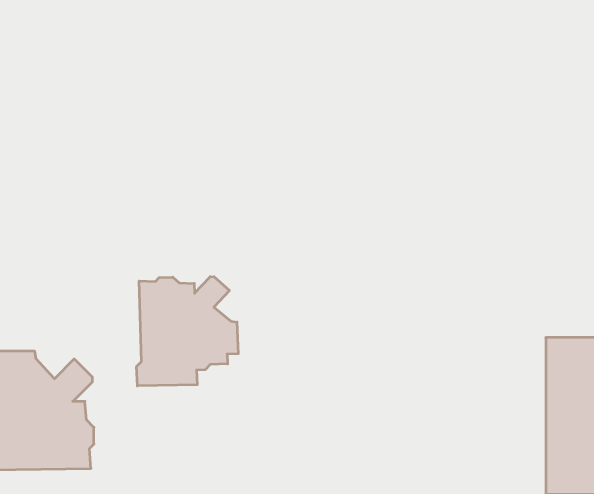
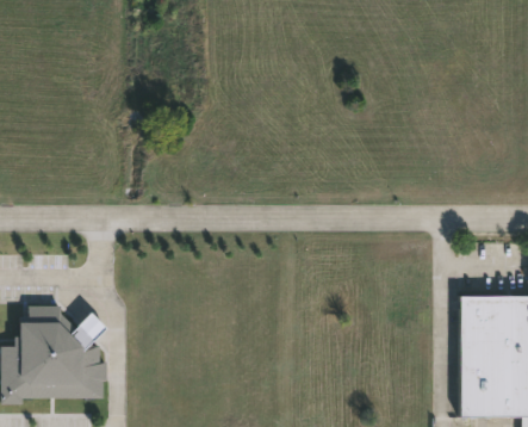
building: [137,277,238,386] -> none

